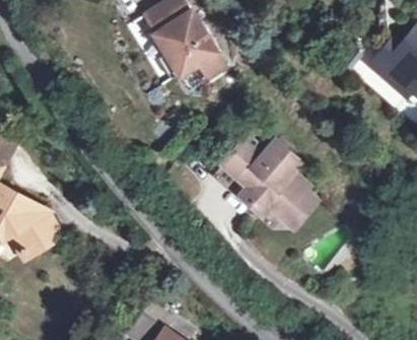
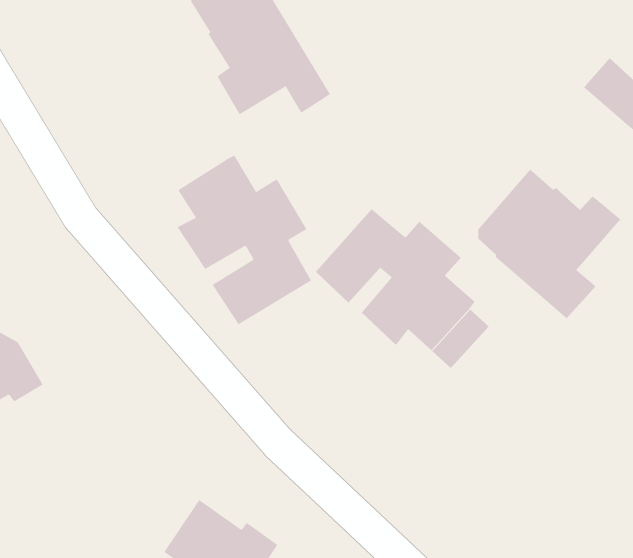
building: none -> [177,155,312,325]
building: none -> [478,169,621,319]

